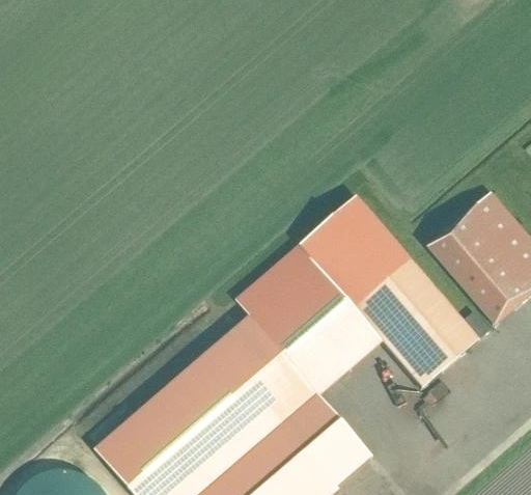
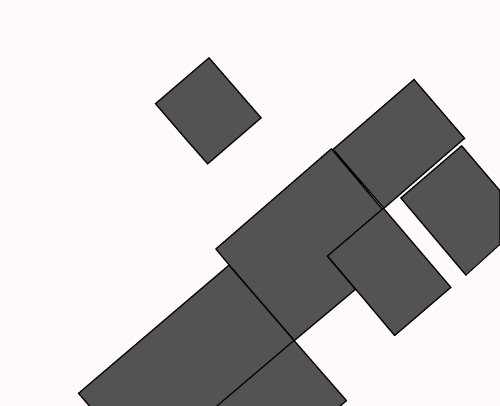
building: none -> [155,58,261,164]
building: none -> [333,79,465,208]

